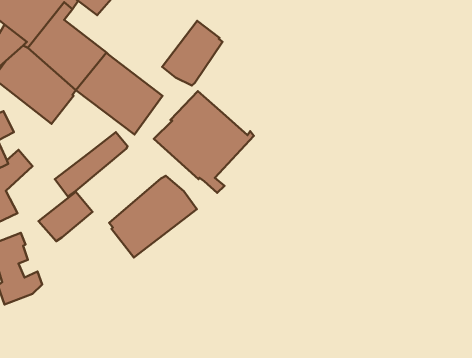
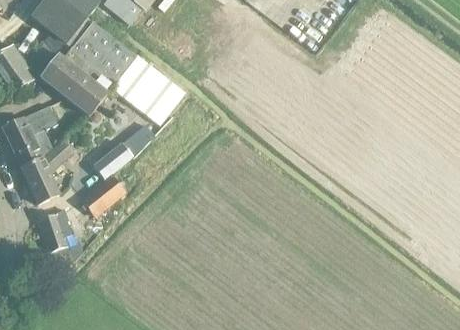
building: [162,21,222,86] -> none
building: [154,91,254,193] -> none
building: [109,176,197,257] -> none

